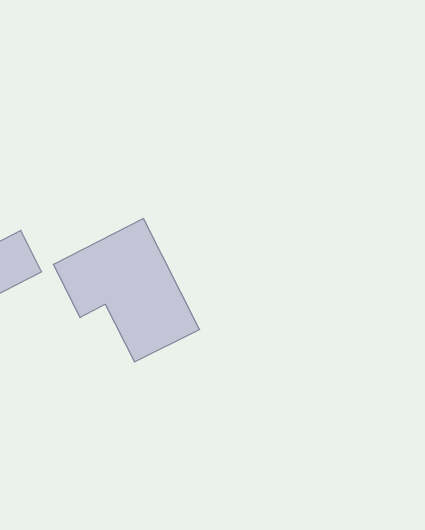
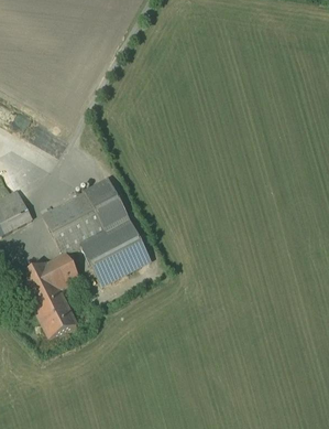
building: none -> [18,254,80,339]

